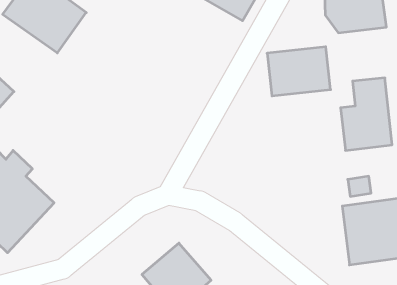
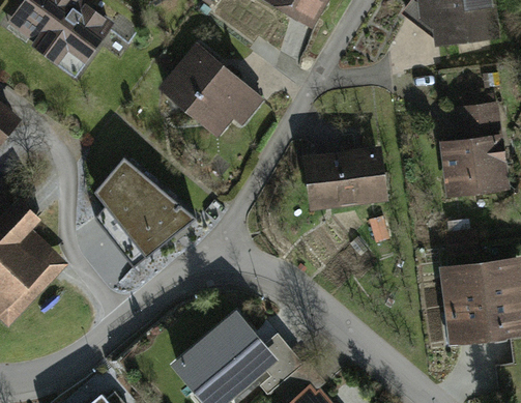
building: none -> [158,46,261,135]
building: [267,47,331,96] -> [305,147,386,210]
building: none -> [91,152,192,262]

